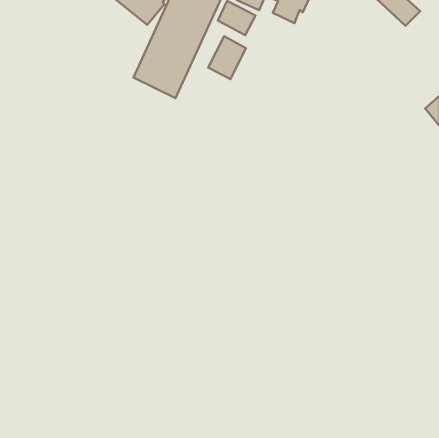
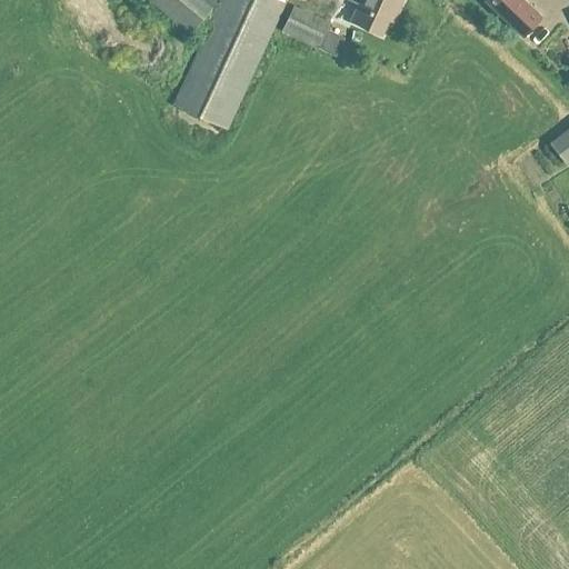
building: [208,36,246,79] -> none

